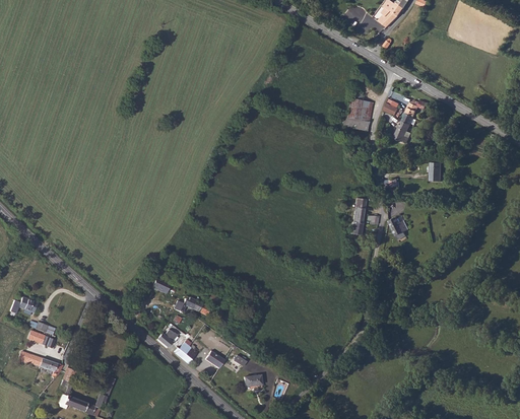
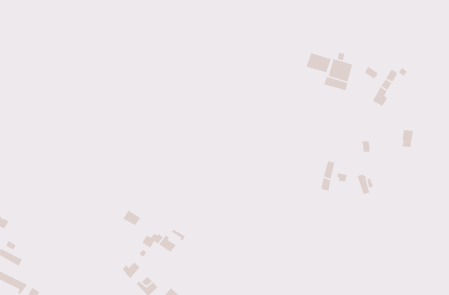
building: none -> [305,52,332,73]

